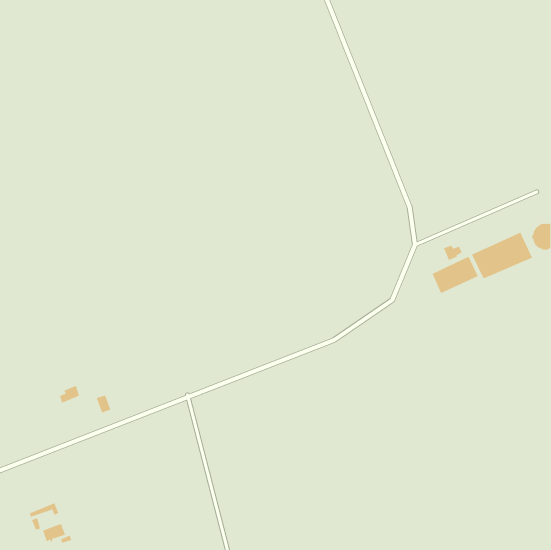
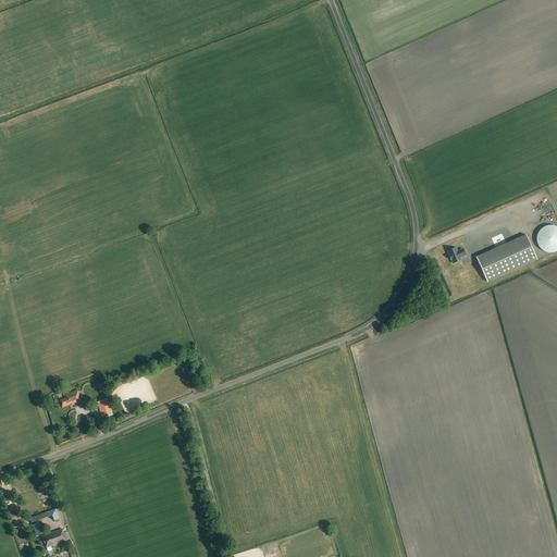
building: [432,256,478,294] -> none

